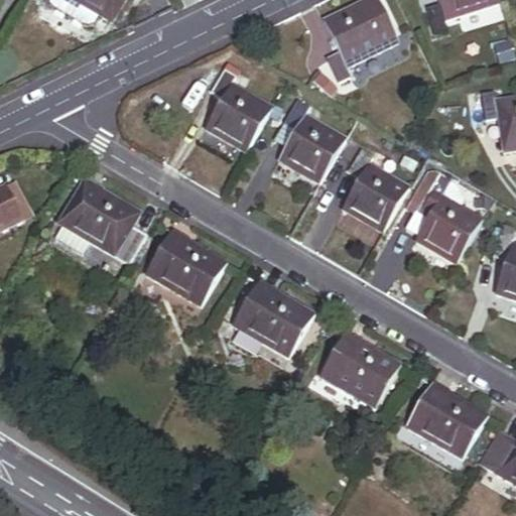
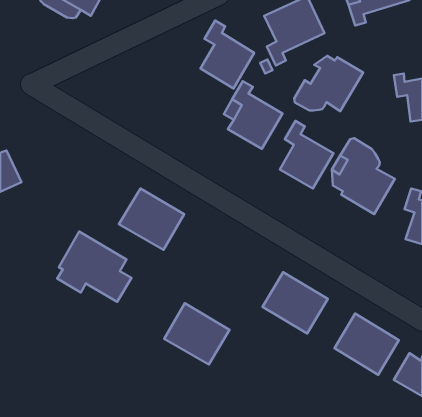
building: [205,68,270,150] -> [200,21,254,88]
building: none -> [294,56,363,111]
building: [55,177,146,263] -> [57,231,131,302]
building: [233,281,312,356] -> [164,303,229,365]

